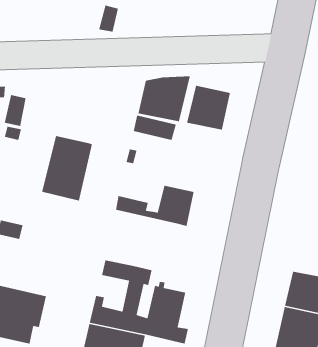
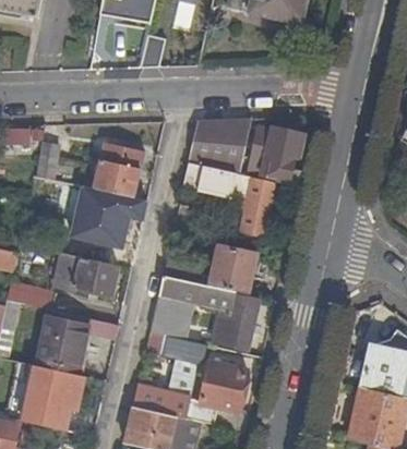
building: none -> [89,146,144,196]
building: none -> [237,177,275,236]
building: none -> [53,251,118,293]
building: none -> [148,275,258,351]
building: none -> [37,316,118,369]

